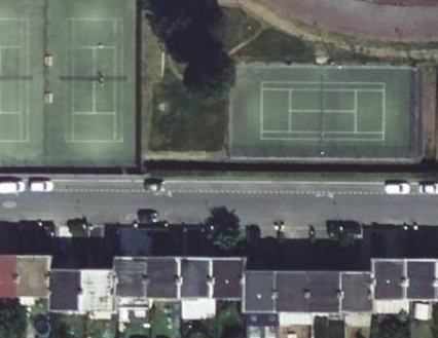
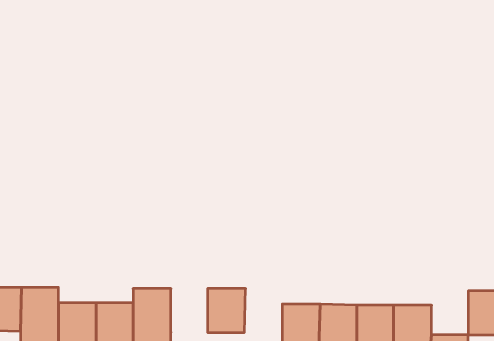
building: [151,258,183,296] -> none
building: [215,258,248,297] -> none
building: [377,260,409,298] -> none

